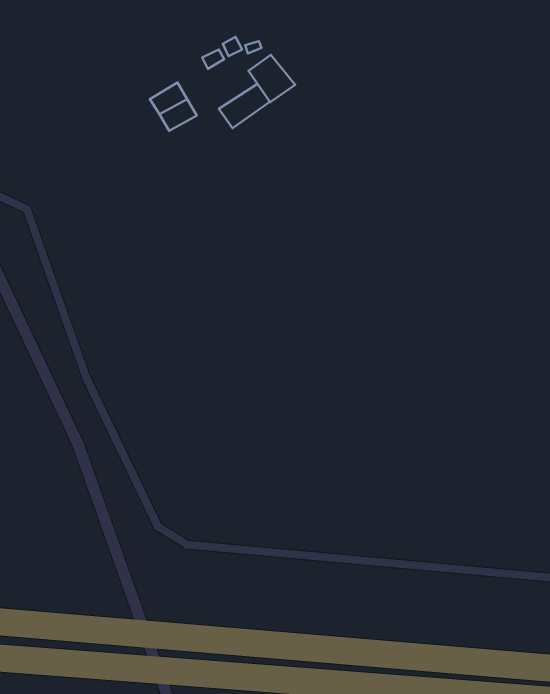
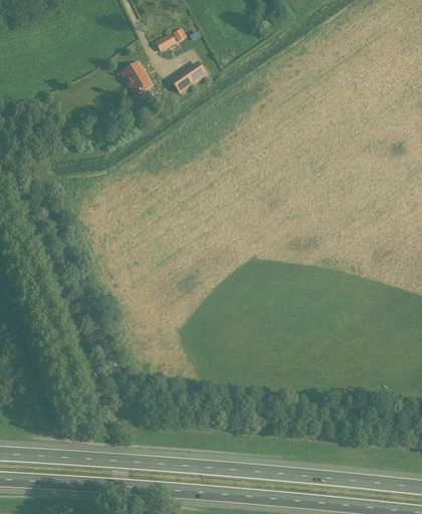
building: [248,55,295,102] -> none

